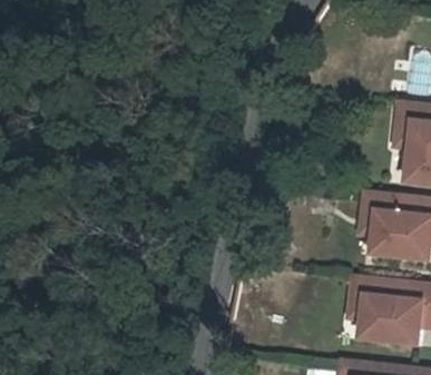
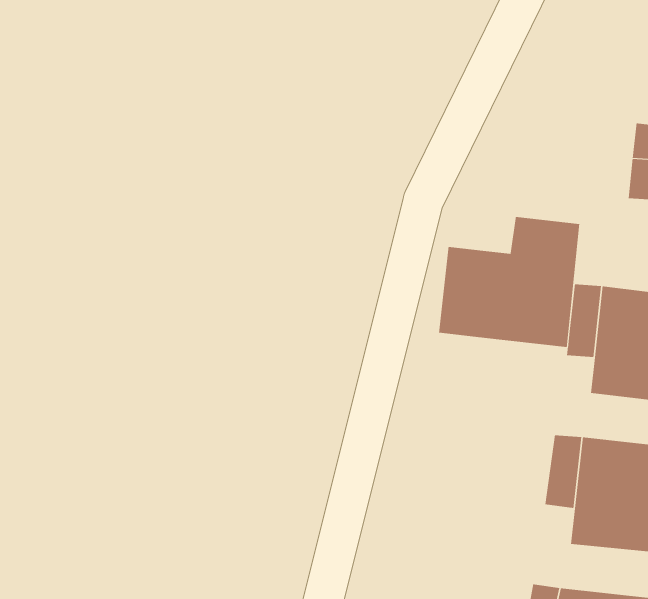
building: none -> [438,216,580,348]

